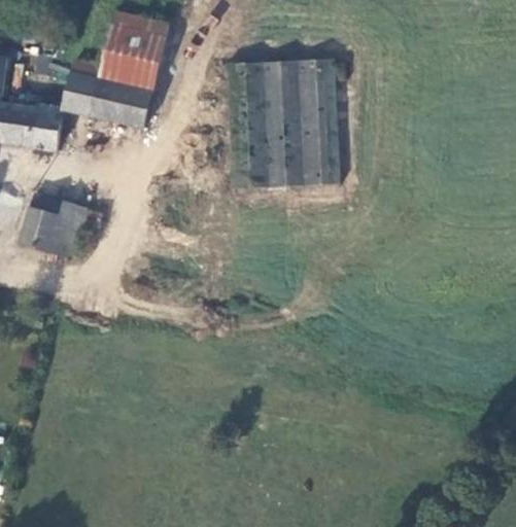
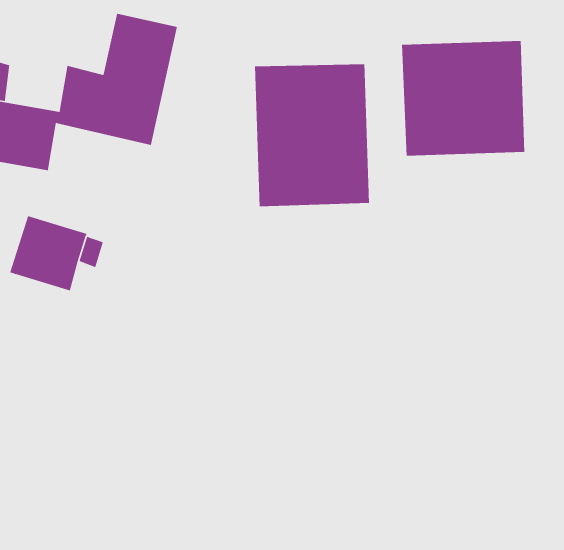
building: none -> [401,40,525,156]

